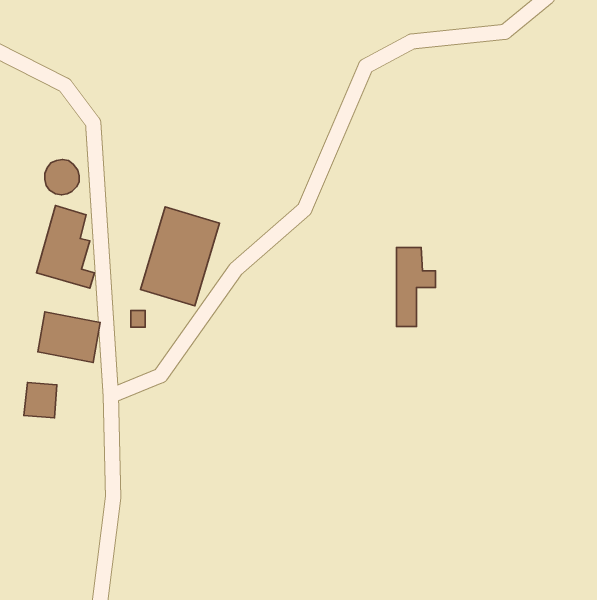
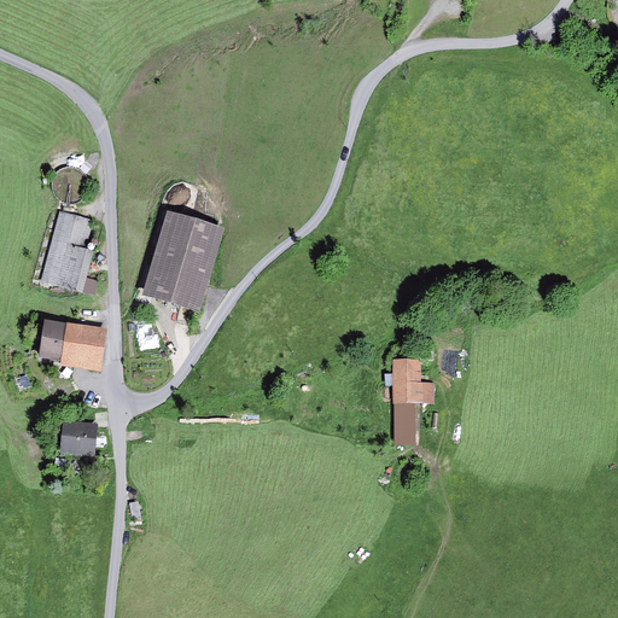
building: [396,247,435,326] -> [392,358,432,439]
building: [24,382,57,418] -> [63,420,97,456]

